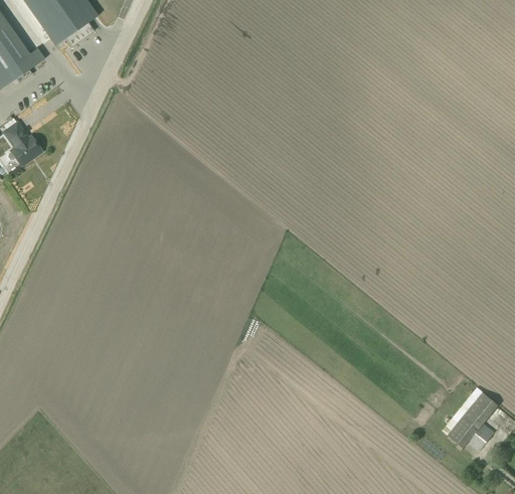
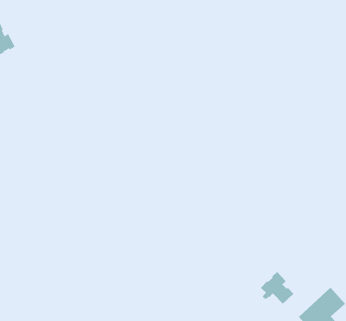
building: none -> [260,271,294,304]

